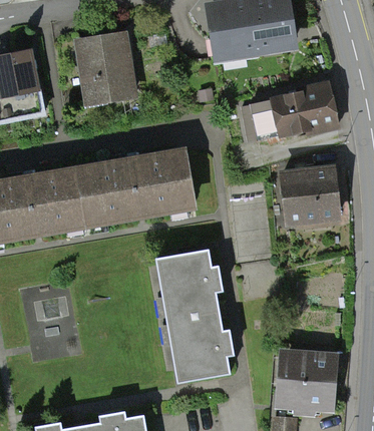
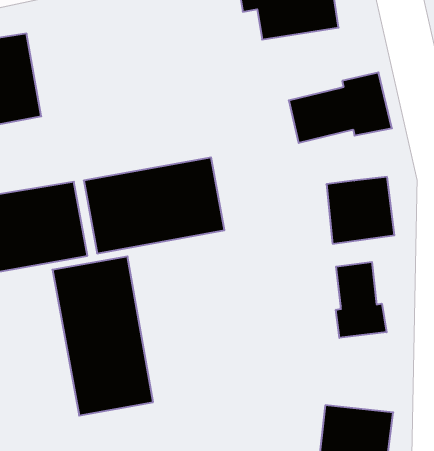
building: [76,31,140,109] -> none
building: none -> [336,262,387,338]
building: [143,255,227,386] -> [52,256,153,416]

